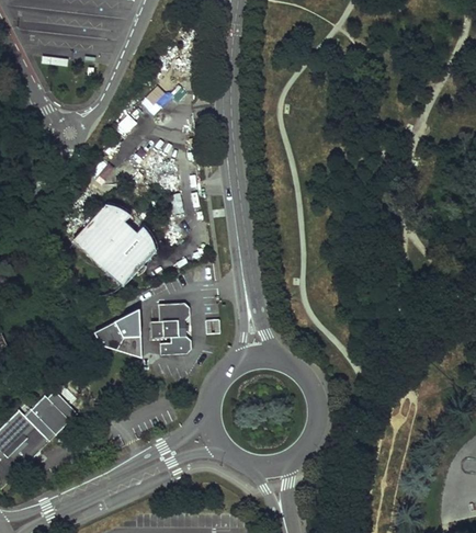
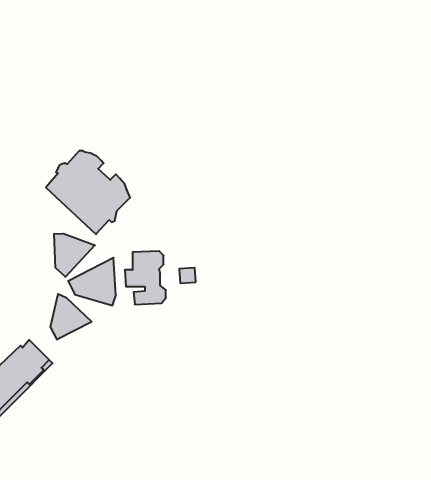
building: none -> [54,234,95,277]
building: none -> [51,294,92,340]

